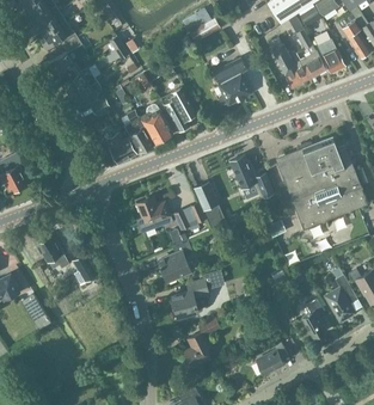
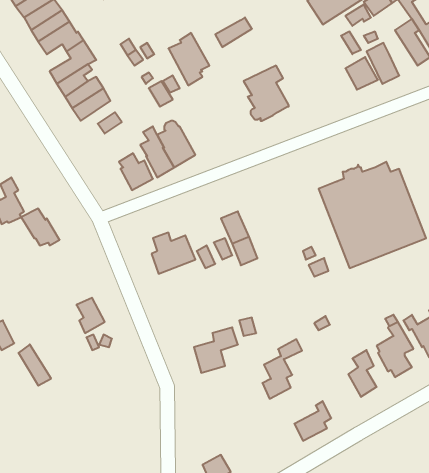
building: [271,45,308,88] -> none
building: [161,87,196,131] -> [168,33,209,85]
building: [228,155,274,198] -> none
building: [36,237,68,268] -> [21,209,60,245]
building: [158,241,192,281] -> none
building: [185,318,219,368] -> [262,339,302,399]

